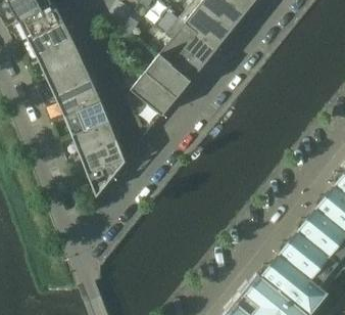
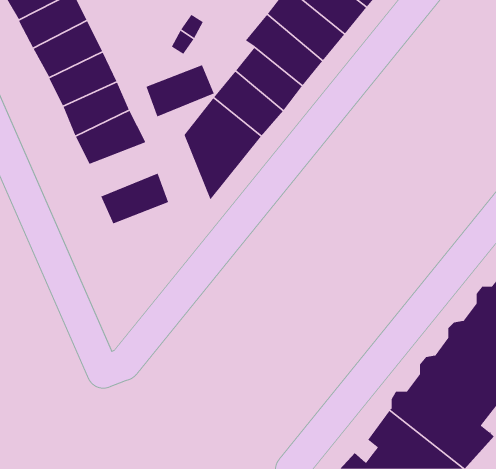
building: [65,101,110,136] -> [146,64,215,118]
building: [81,140,127,196] -> none

